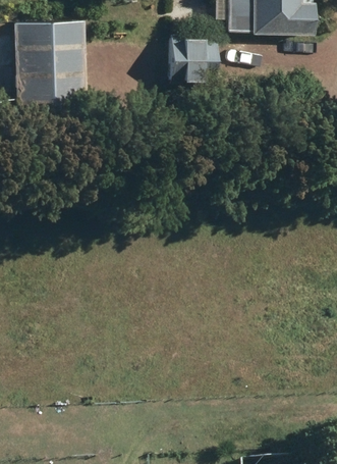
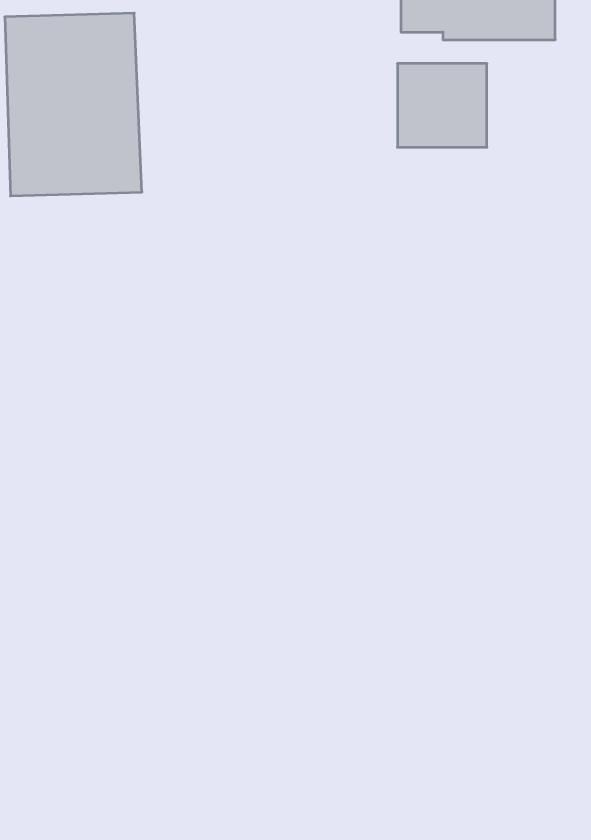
building: [170,36,218,81] -> [397,64,487,147]

